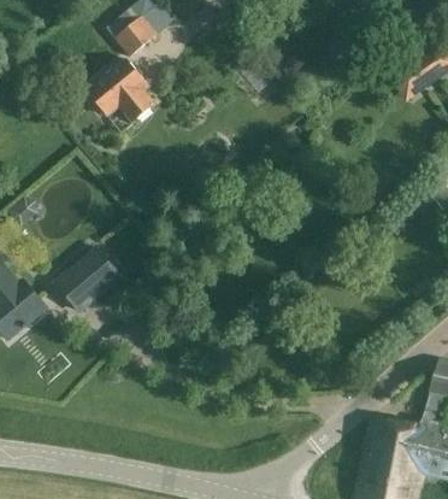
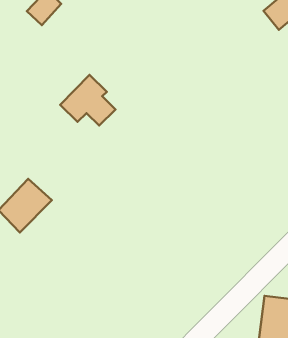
building: [87,58,154,122] -> [60,75,115,126]

